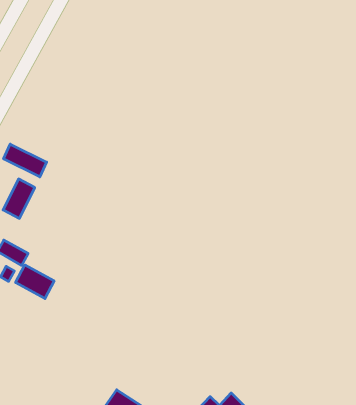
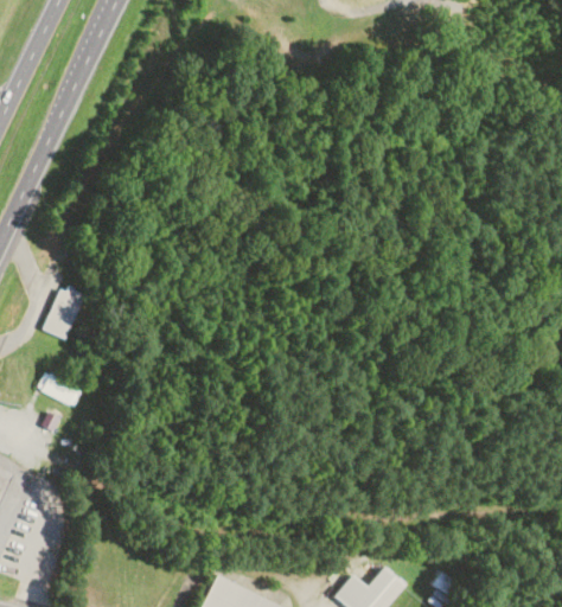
building: [4,144,47,177] -> none
building: [16,265,54,299] -> none

